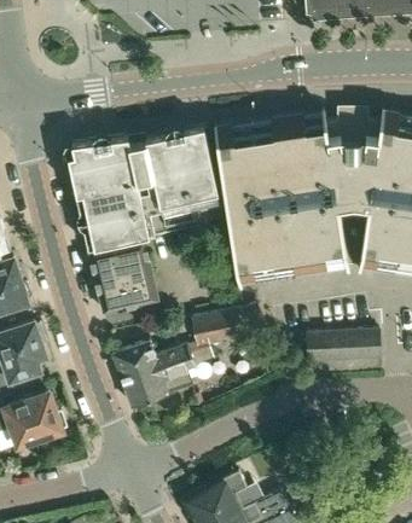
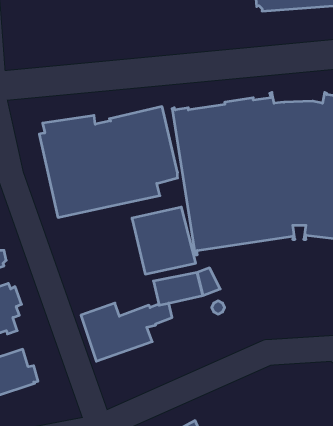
building: [88,238,158,312] -> [132,207,196,274]
building: [306,330,381,361] -> none

